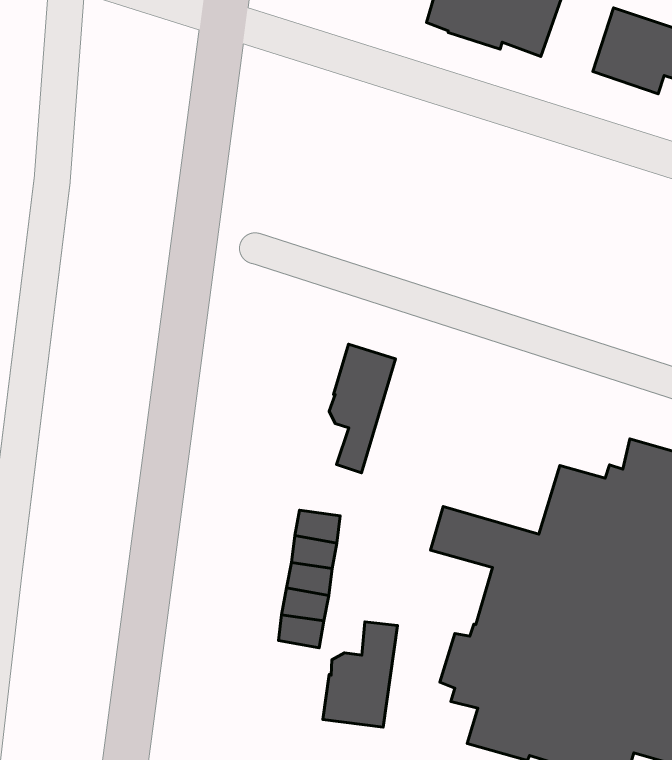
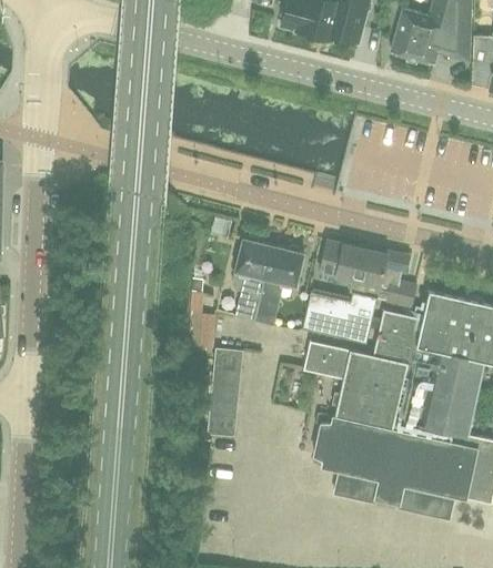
building: none -> [302,241,416,338]
building: none -> [255,246,303,325]
building: none -> [187,314,214,349]
building: [323,622,397,727] -> none

